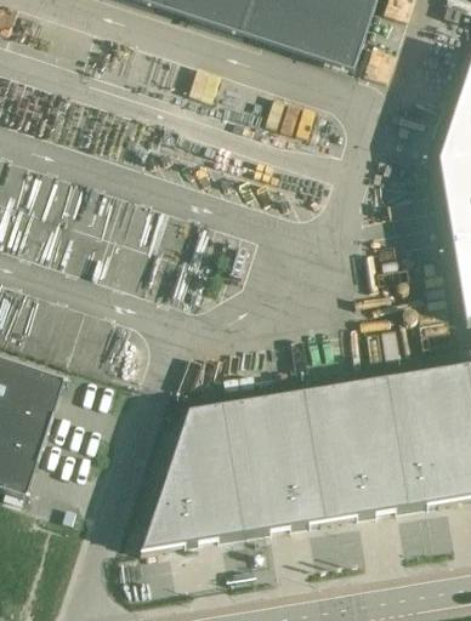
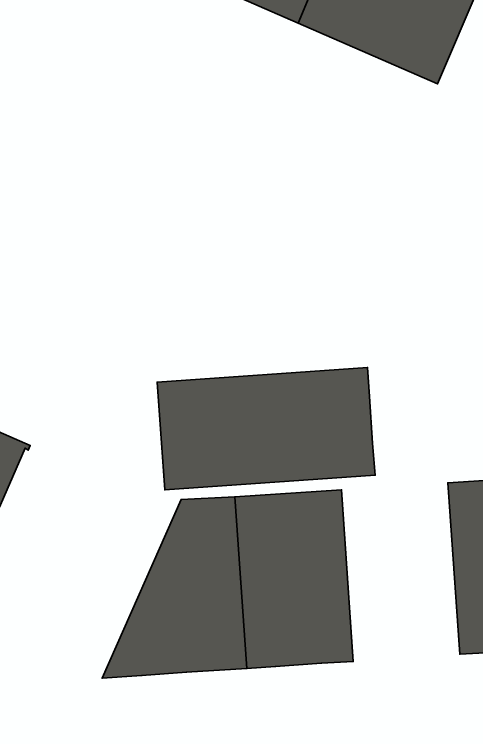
building: none -> [157,368,375,490]
building: [310,374,413,518] -> none

